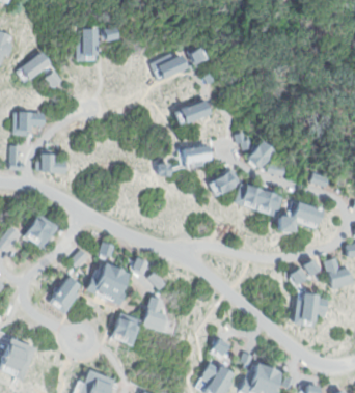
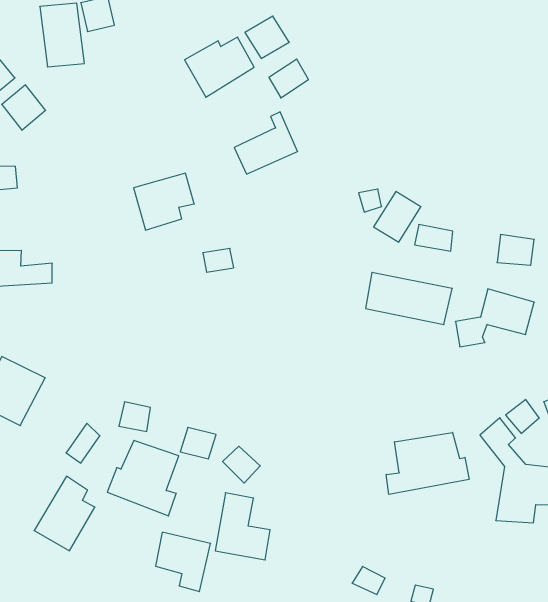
building: [174,144,206,172] -> [134,173,194,230]
building: [206,169,238,196] -> none
building: none -> [386,432,469,494]

